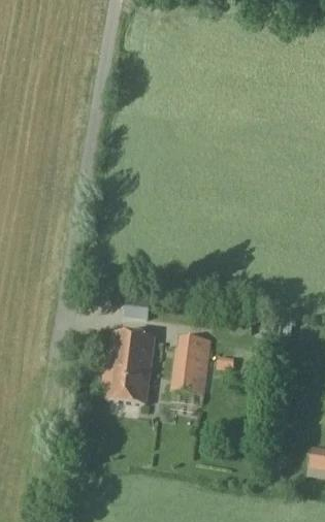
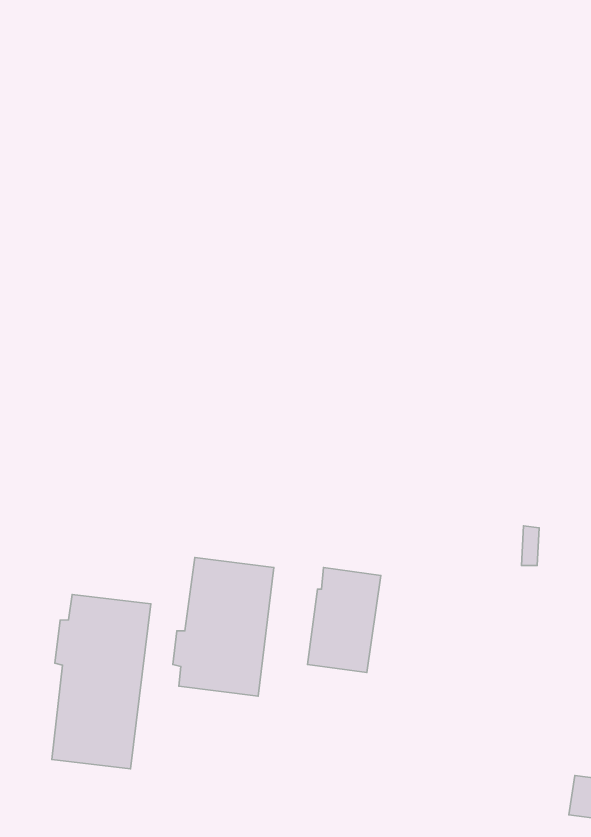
building: none -> [52,594,151,769]

